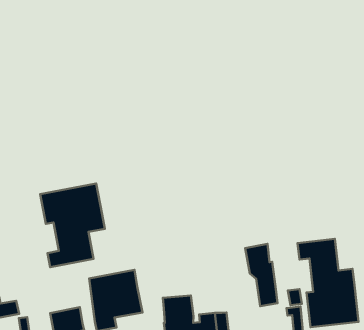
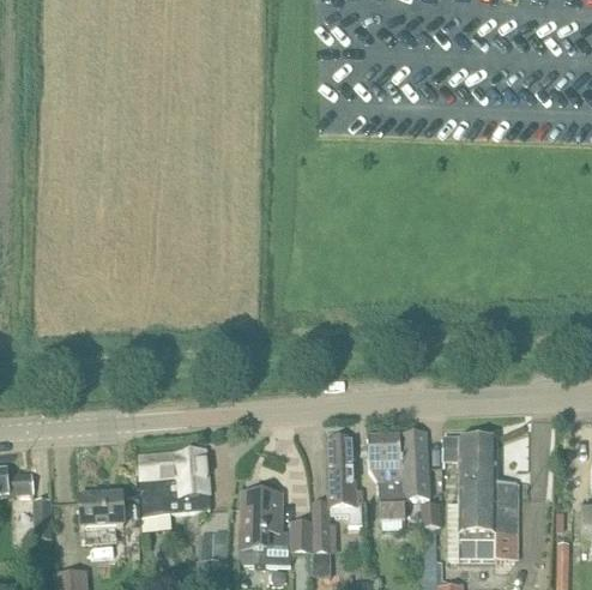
building: [40,183,105,267] -> none
building: none -> [400,428,429,495]
building: none -> [327,432,363,522]

